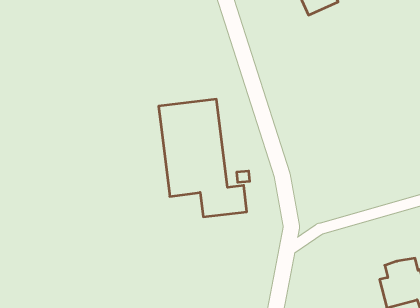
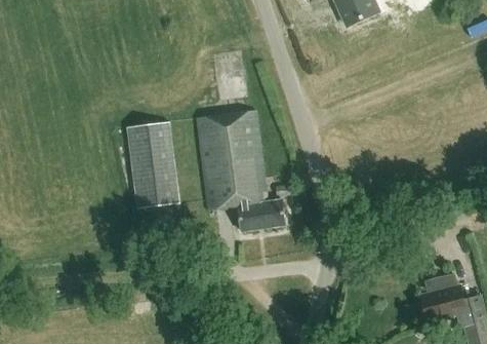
building: none -> [127,120,180,207]

